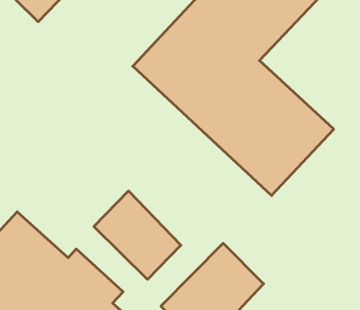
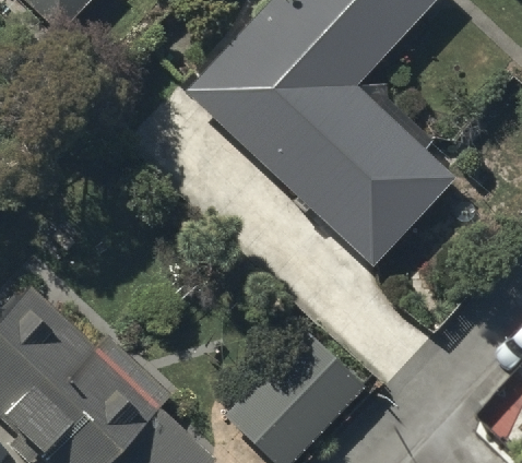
building: [94,191,181,279] -> none

